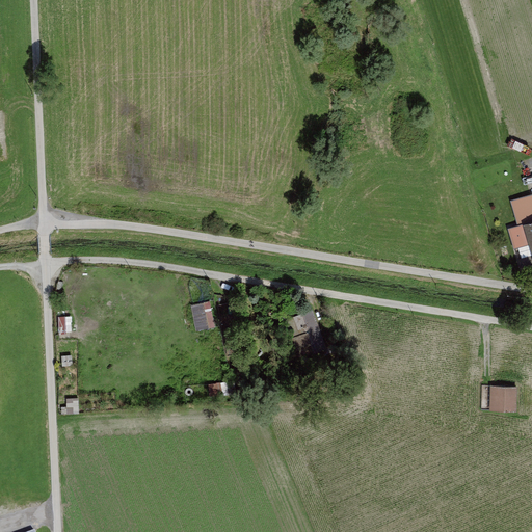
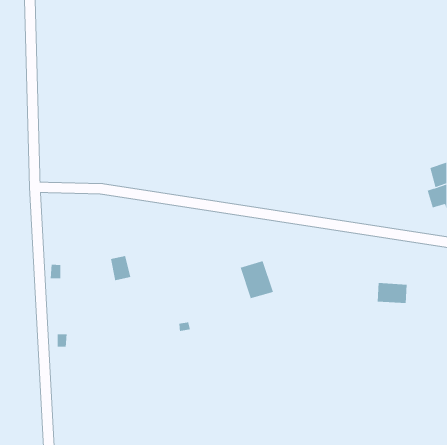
building: [192,301,217,331] -> [110,255,131,281]
building: [481,387,517,411] -> [377,283,407,304]

